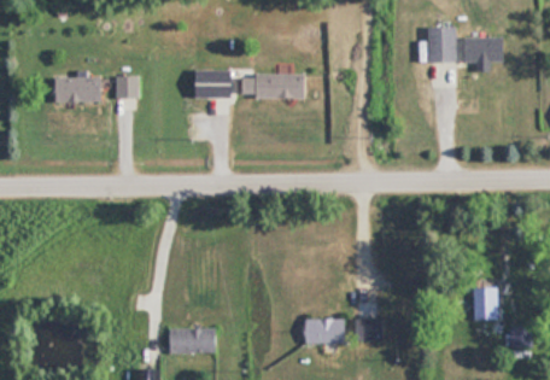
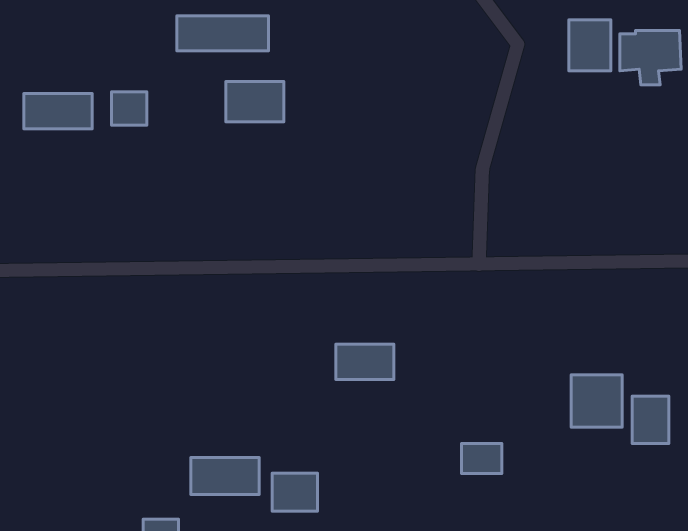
building: [242,74,305,98] -> [177,16,268,51]
building: none -> [571,375,622,427]
building: [305,318,345,343] -> [336,344,394,379]
building: none -> [272,473,318,511]

